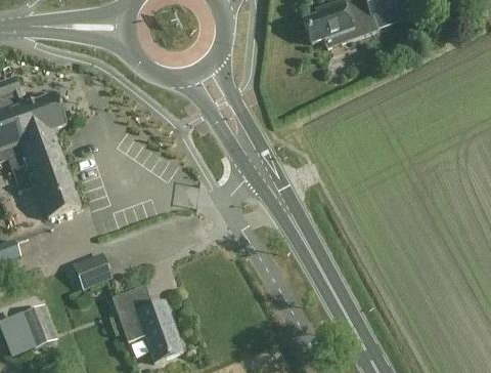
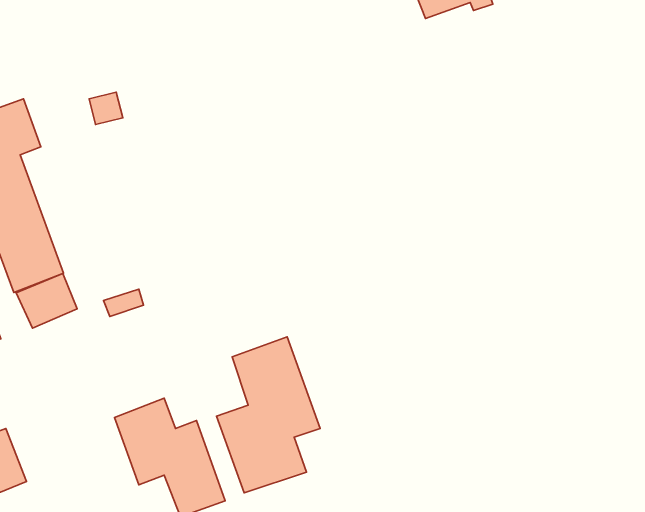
building: none -> [216,337,320,493]
building: [72,254,110,289] -> [16,274,77,328]

